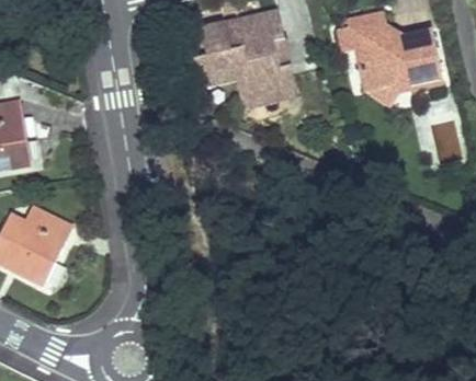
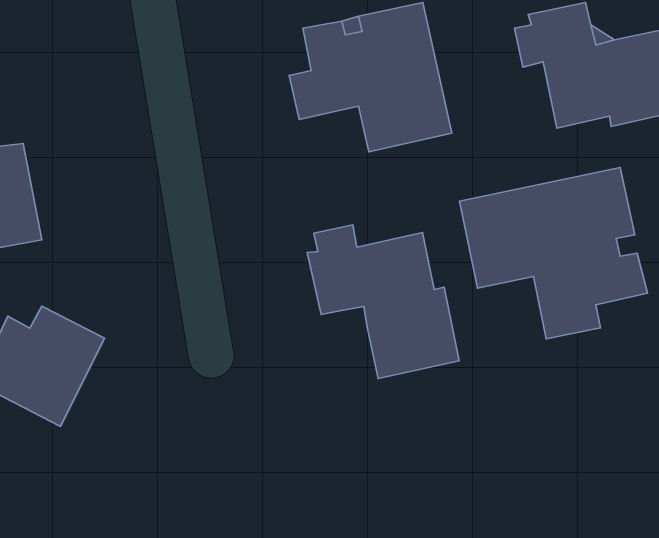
building: none -> [460,168,648,339]
building: none -> [307,225,459,379]

